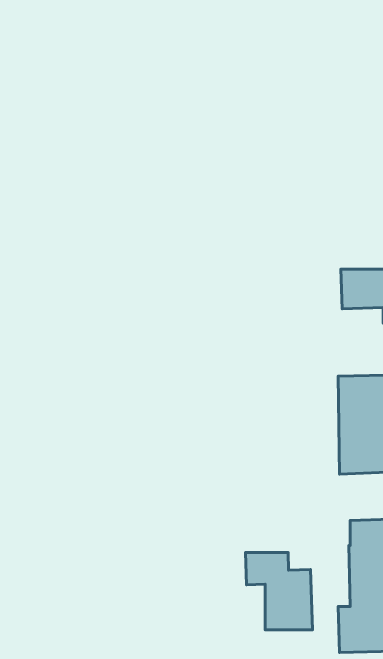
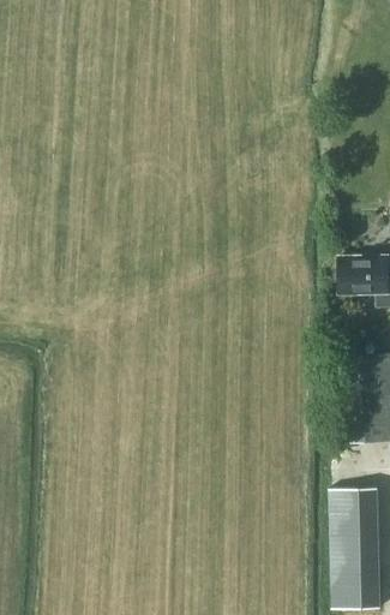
building: [245,552,312,630] -> none

